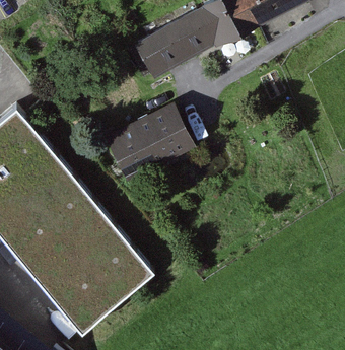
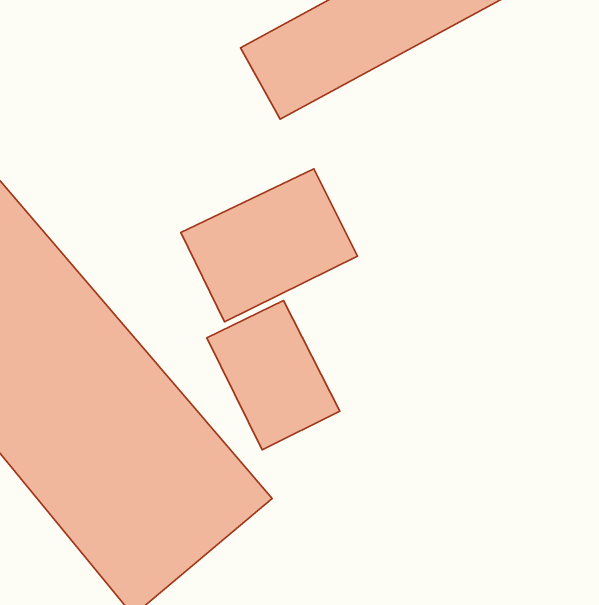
building: none -> [207,301,340,450]

